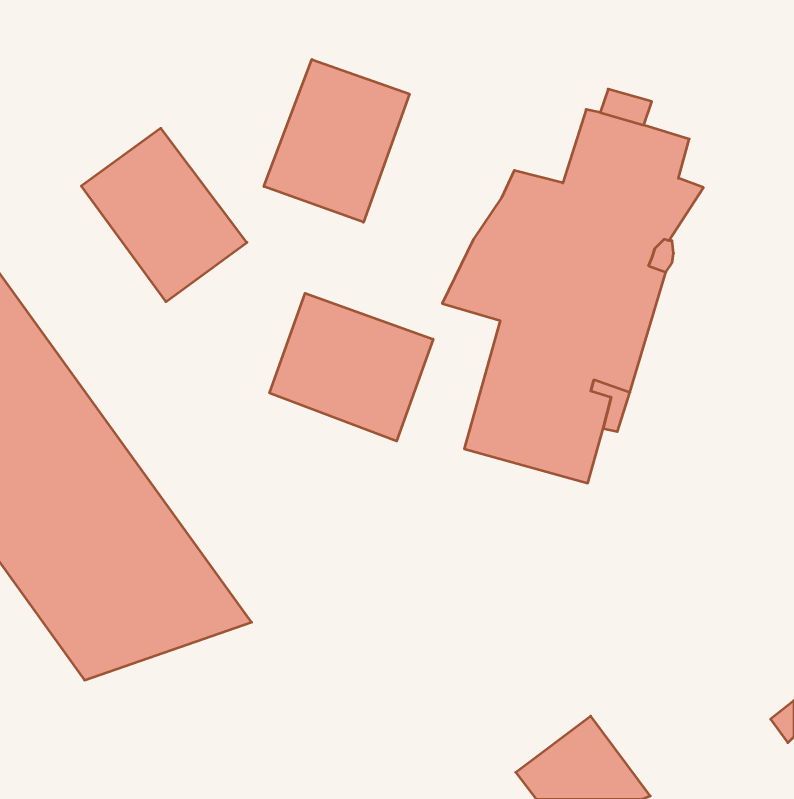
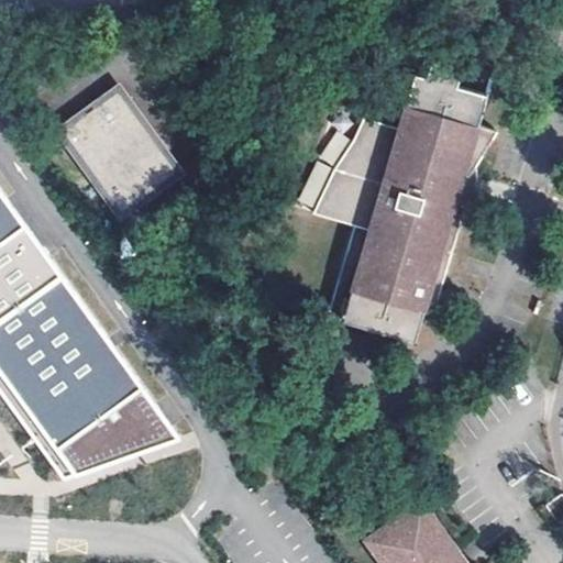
building: [264,59,409,222] -> none
building: [270,293,433,441] -> none

